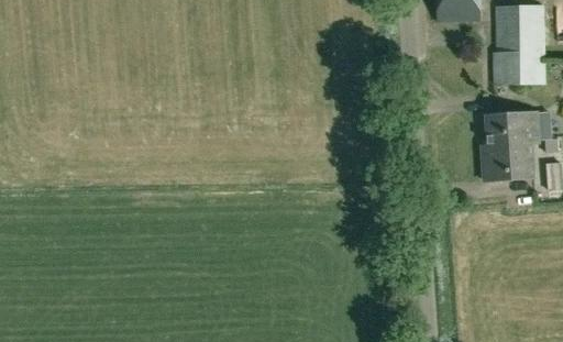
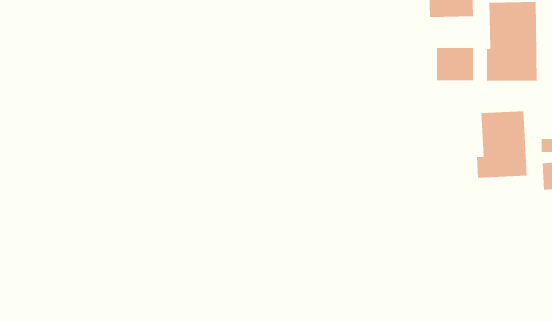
building: none -> [436,47,474,81]

